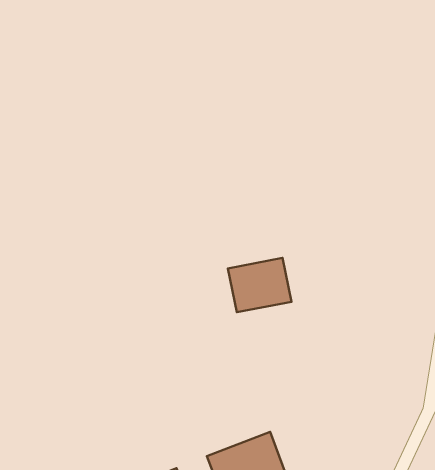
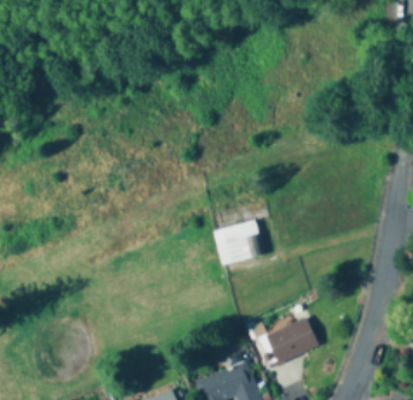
building: none -> [258,317,318,366]

